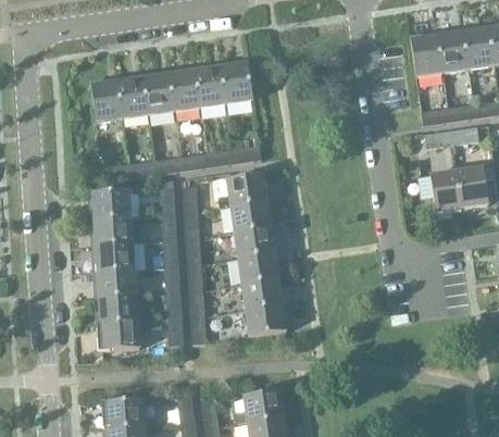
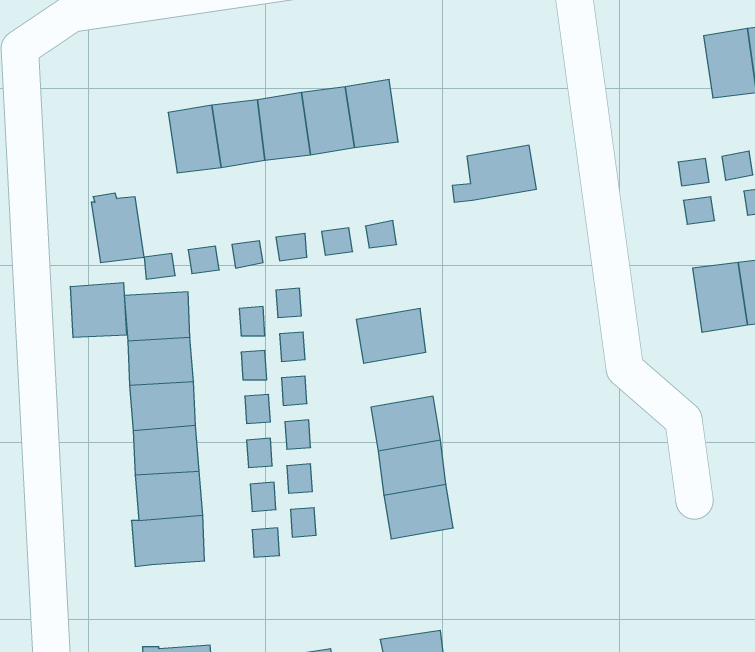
building: [410,35,441,76] -> none
building: [91,78,123,120] -> [91,193,144,263]
building: [217,171,267,204] -> [452,145,536,202]
building: none -> [70,283,126,338]
building: [234,223,275,255] -> none

